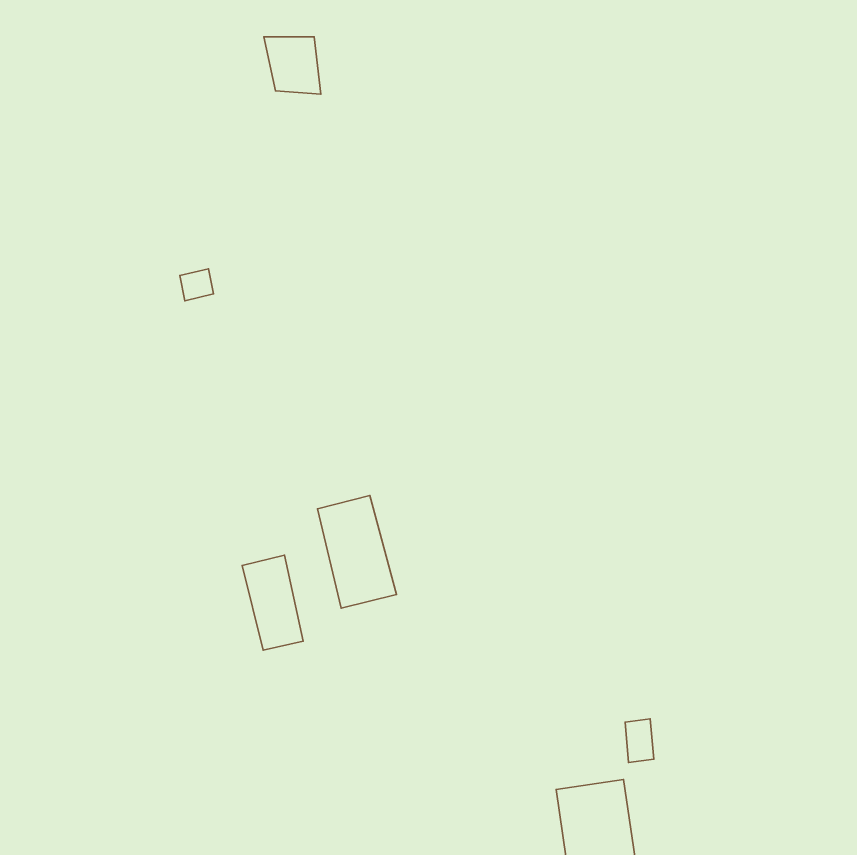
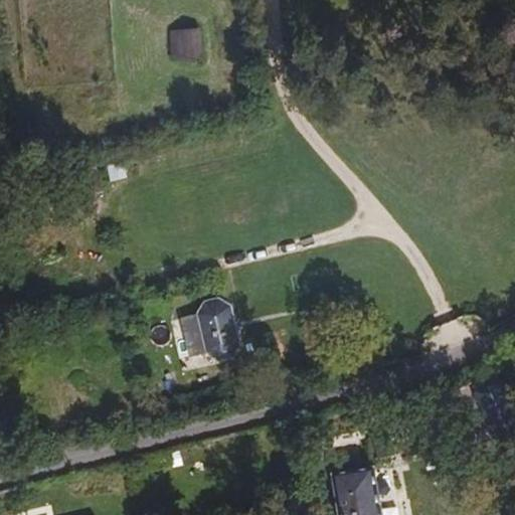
building: [242,555,303,650] -> none

